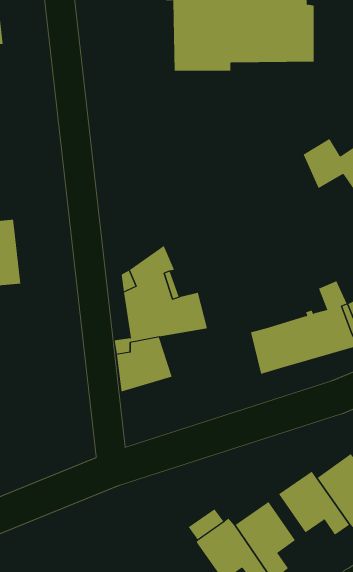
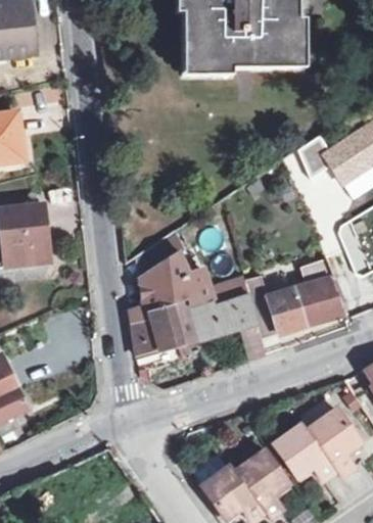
building: none -> [171,291,263,359]

